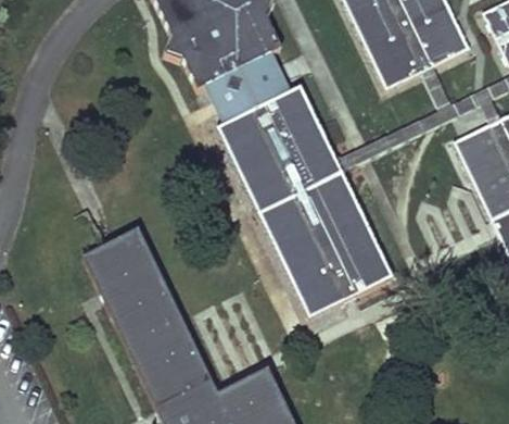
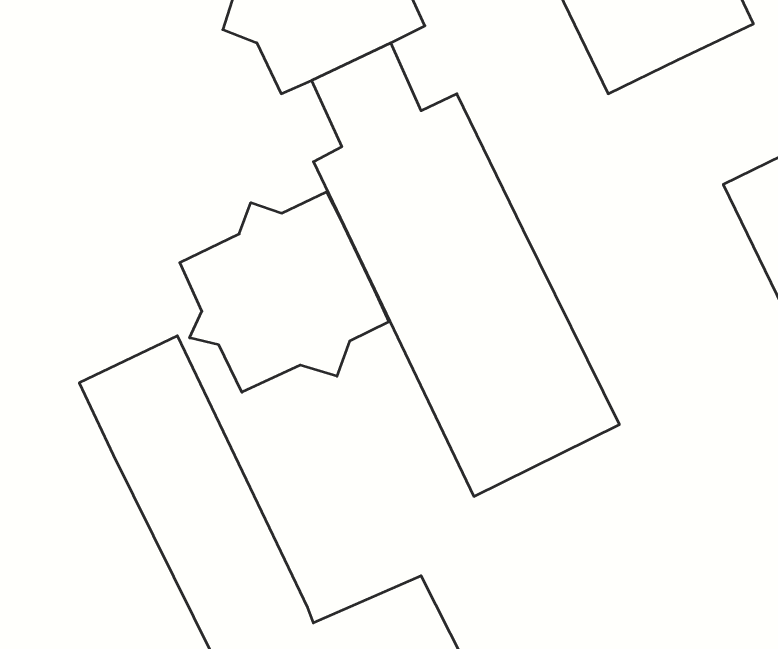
building: none -> [180,192,389,392]

